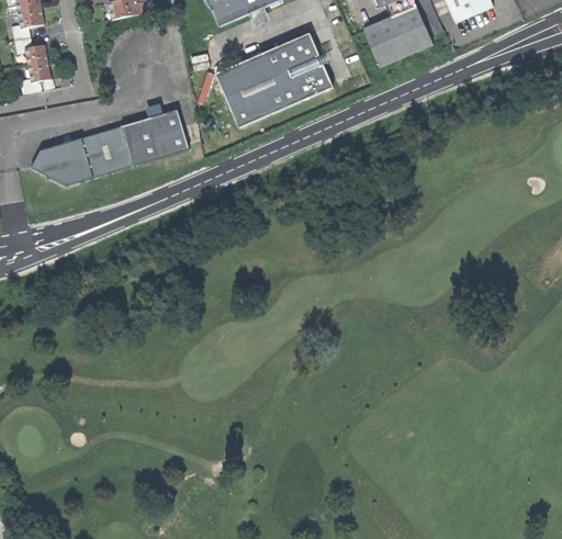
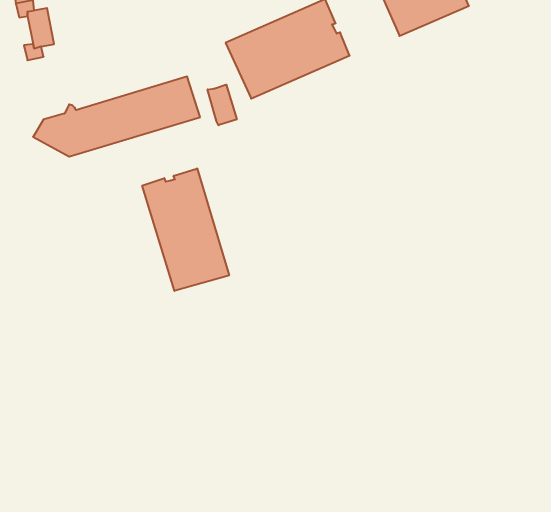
building: none -> [208,85,237,125]
building: none -> [142,168,229,291]

